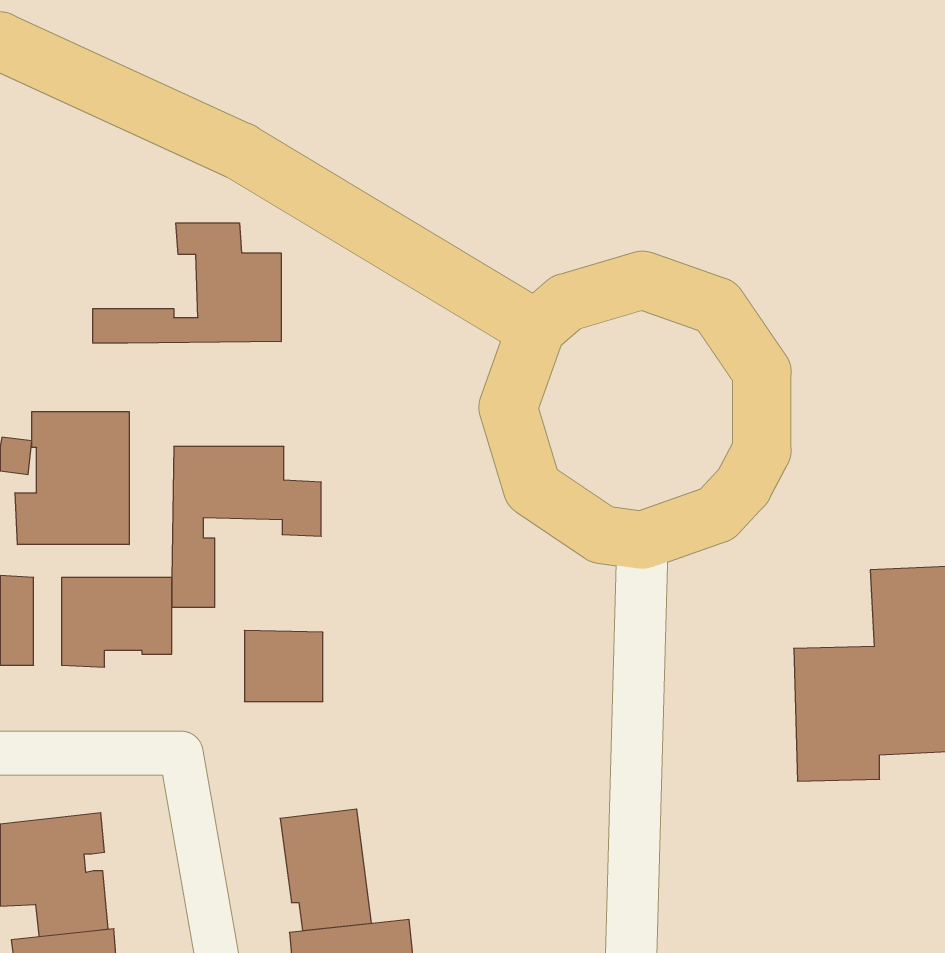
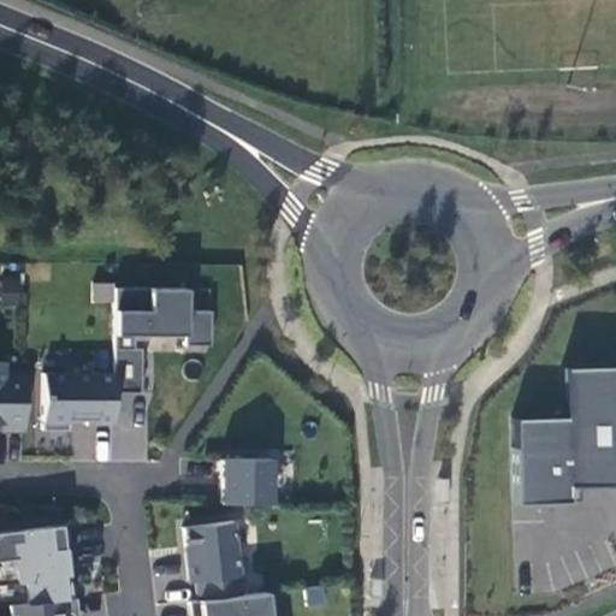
building: [93,223,281,343] -> none
building: [15,412,129,545] -> none
building: [244,630,323,701] -> [224,458,274,504]

